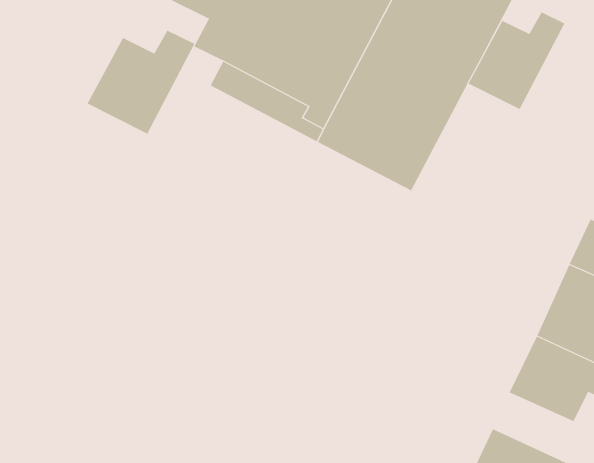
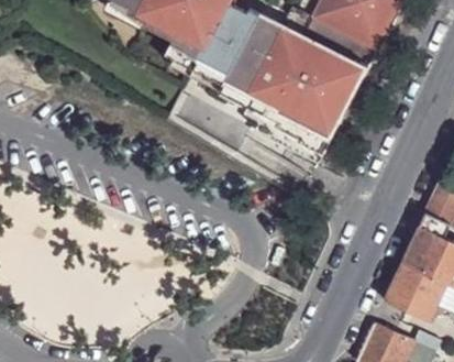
building: [468,11,565,110] -> none
building: [87,30,195,134] -> none

